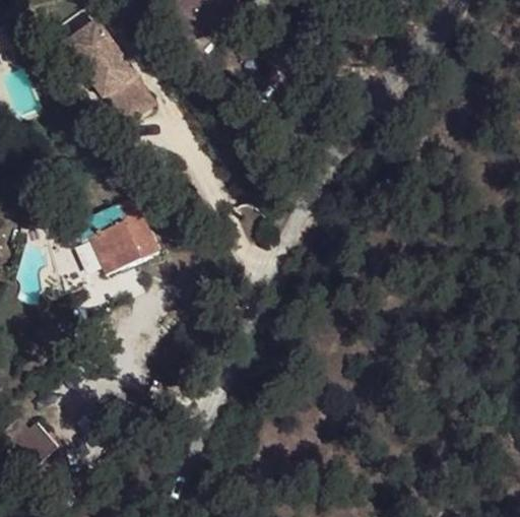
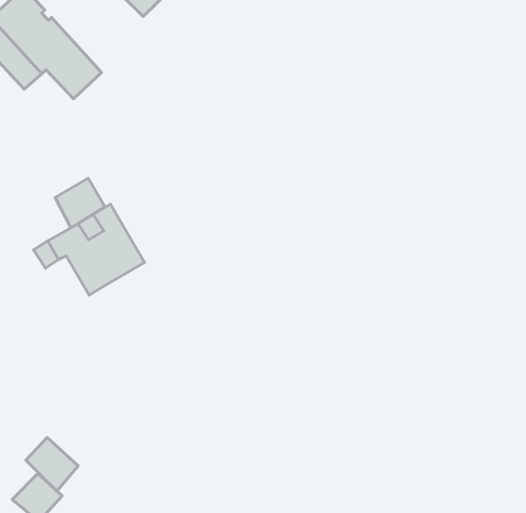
building: none -> [55,178,105,228]
building: none -> [26,437,78,491]

